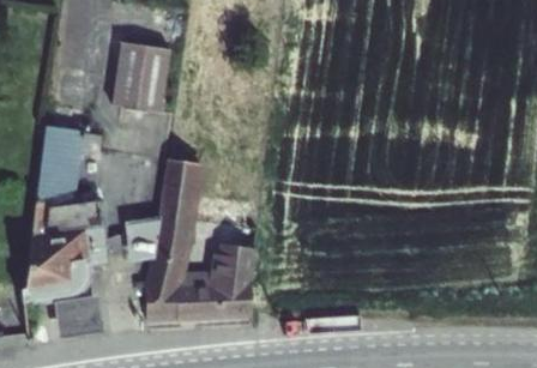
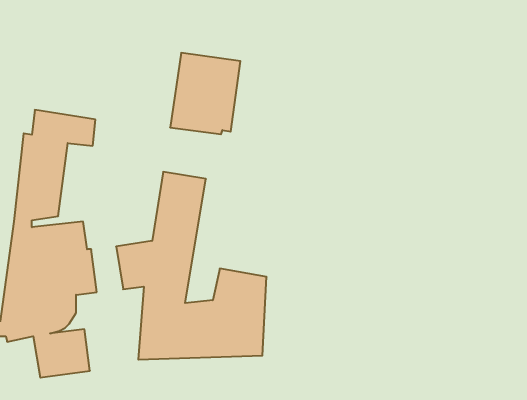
building: [110,41,171,111] -> [170,53,240,134]

